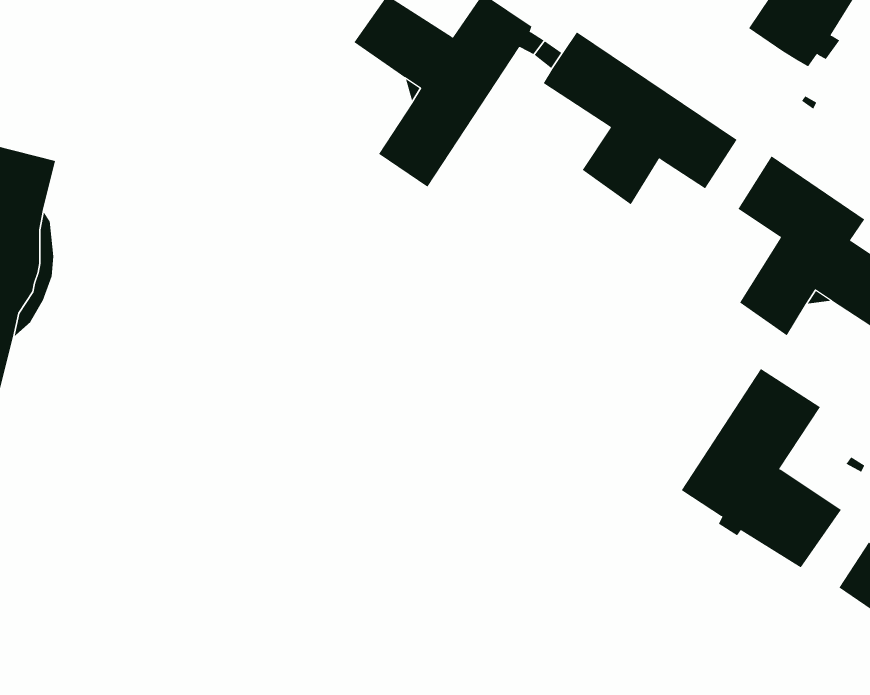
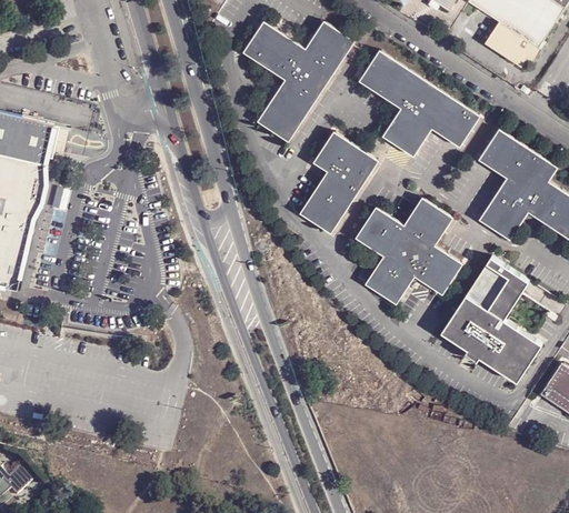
building: none -> [299,130,378,232]
building: none -> [355,194,463,303]

